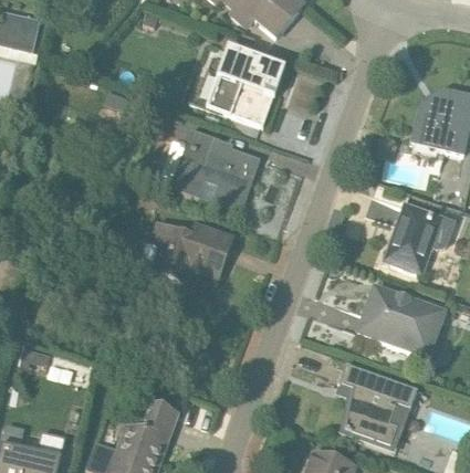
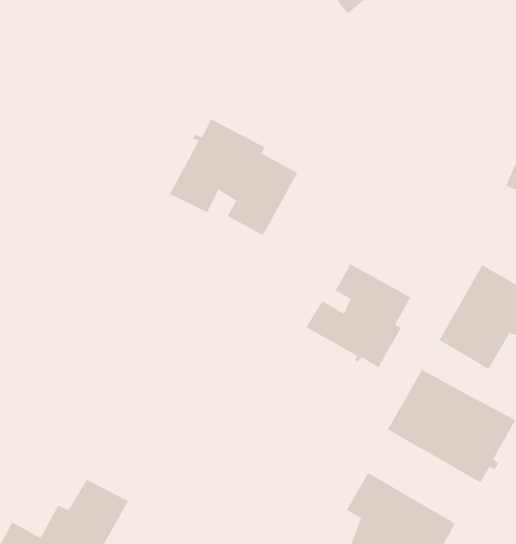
building: [197,45,286,126] -> none
building: none -> [305,263,411,368]
building: [138,220,233,282] -> none

